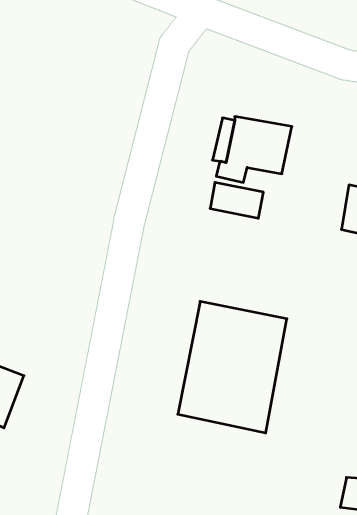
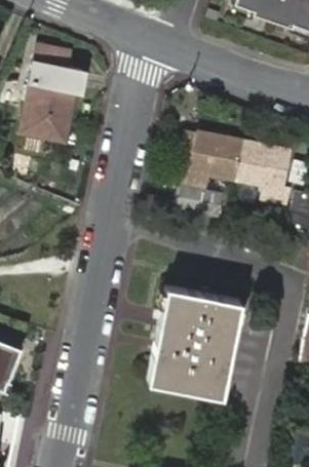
building: none -> [21,43,81,143]
building: none -> [235,143,288,204]

